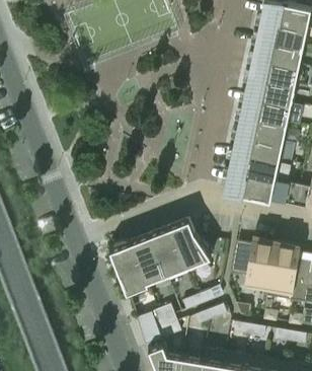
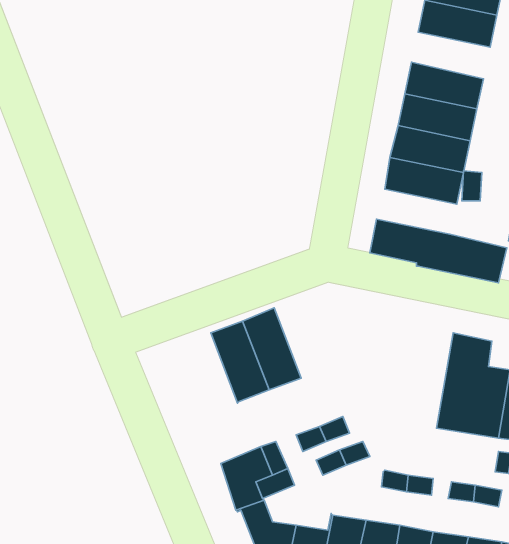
building: [251,58,299,86] -> none
building: [230,153,279,180] -> none
building: [168,218,211,268] -> none
building: [228,235,277,298] -> none
building: [108,238,150,297] -> none

